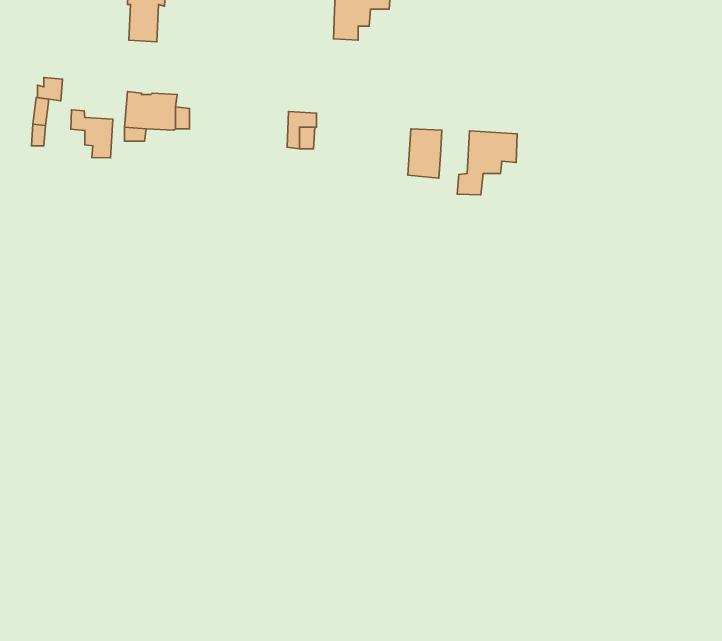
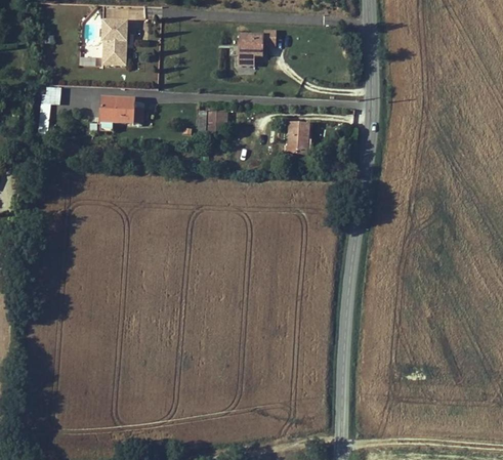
building: [71,110,113,158] -> none
building: [457,131,517,195] -> none

